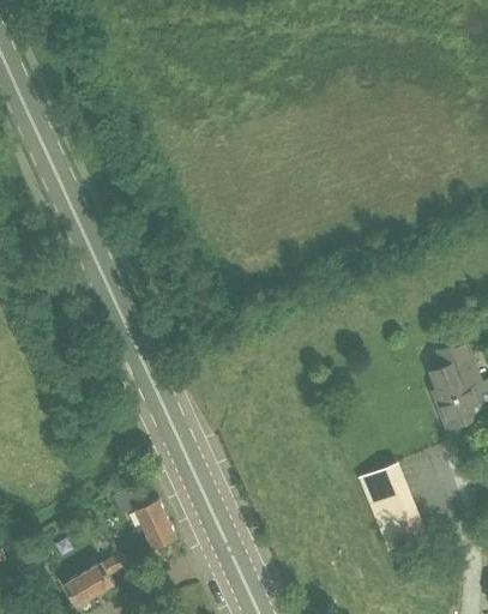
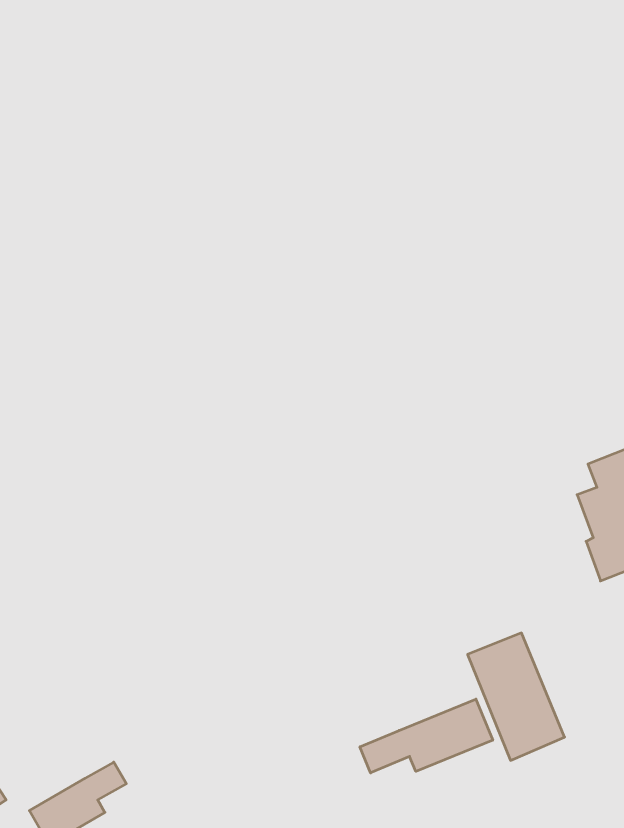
building: [112,483,176,549] -> none
building: none -> [360,699,493,773]

